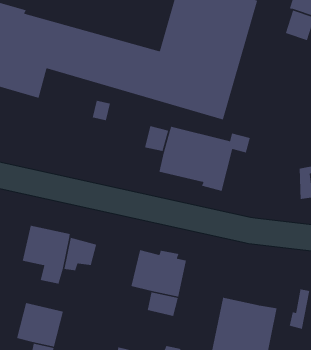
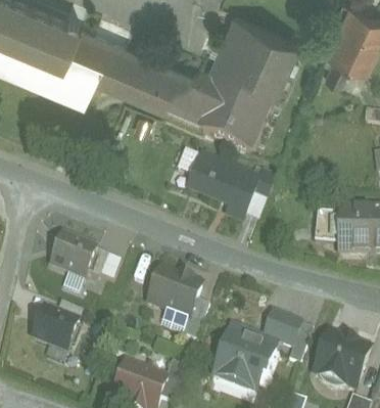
building: none -> [264,308,304,343]

